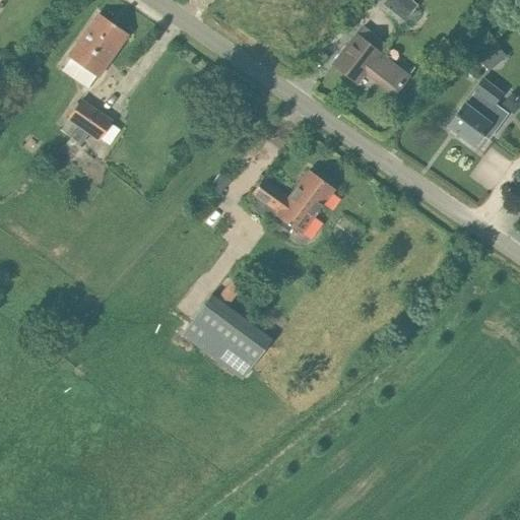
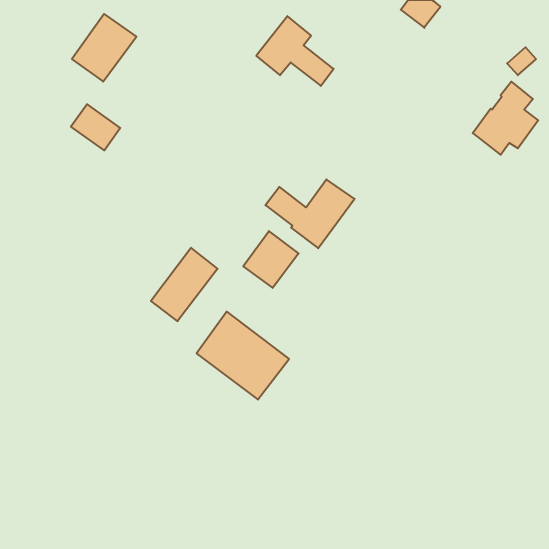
building: [334,27,407,93] -> [256,16,334,86]
building: none -> [243,231,299,288]
building: none -> [151,248,218,321]

